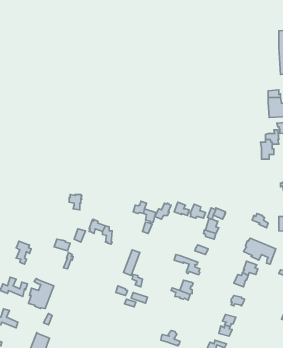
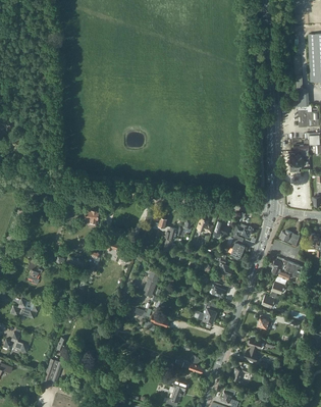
building: [28,279,54,309] -> none

